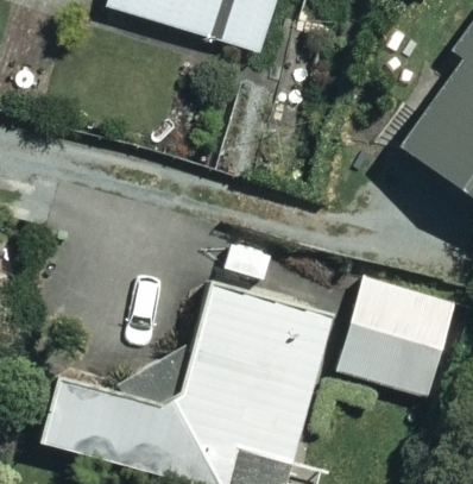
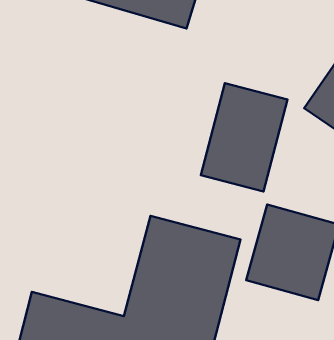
building: none -> [201,83,287,191]

